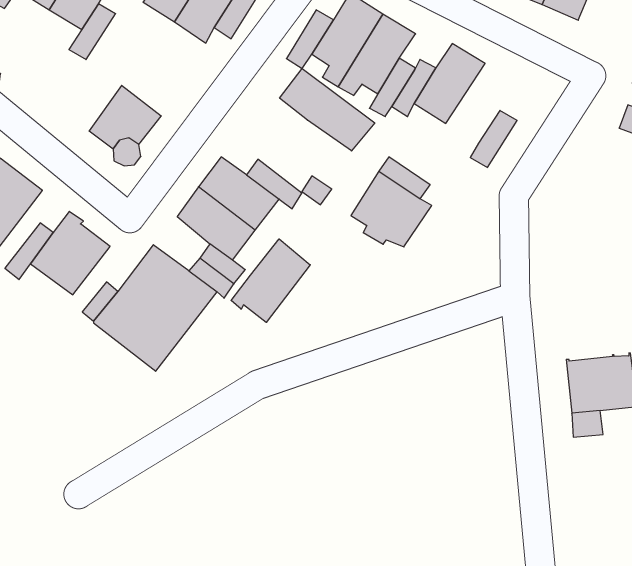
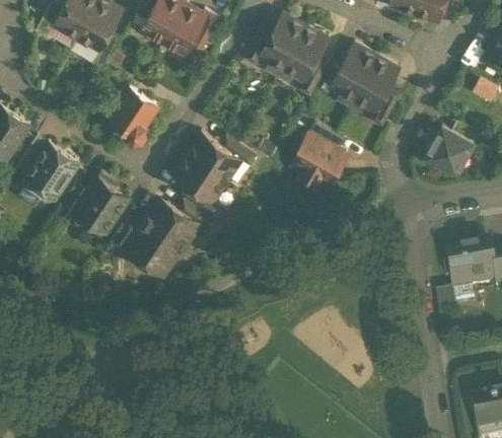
building: none -> [353,55,400,109]
building: [280,68,375,151] -> none
building: none -> [424,125,475,173]
building: [231,239,310,322] -> none

